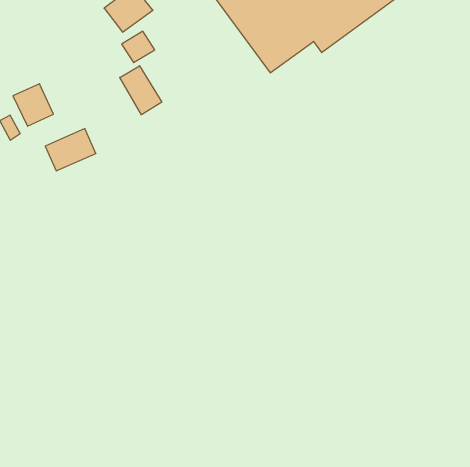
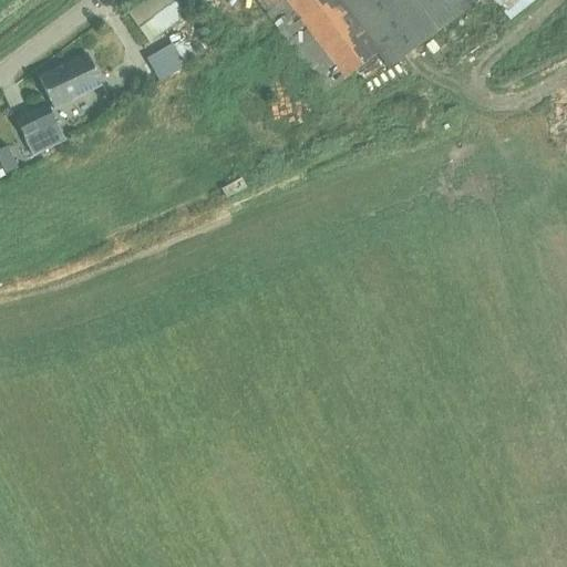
building: [120,66,162,115] -> none
building: [45,129,96,171] -> [40,52,101,103]

